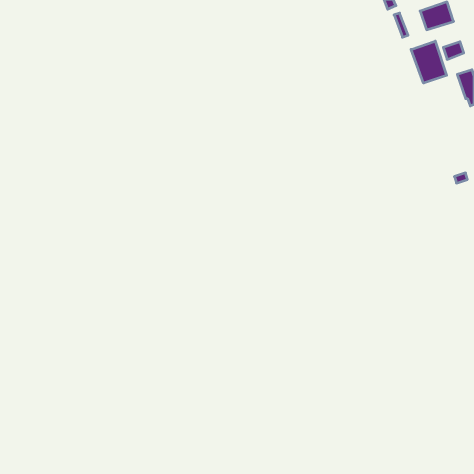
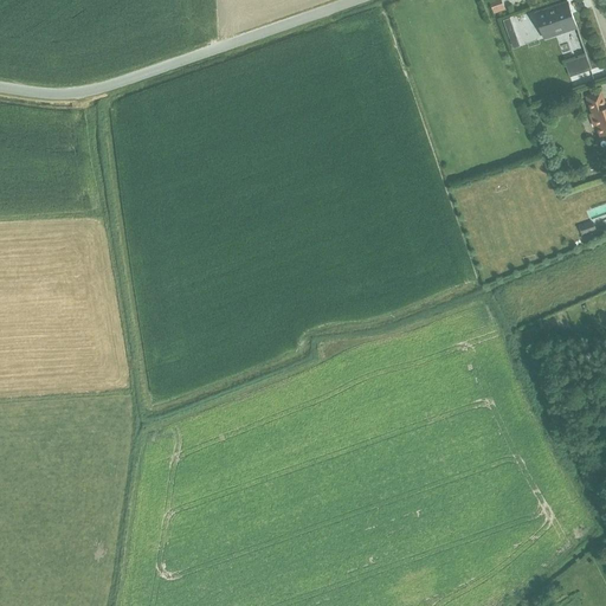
building: [411,41,447,83] -> none

